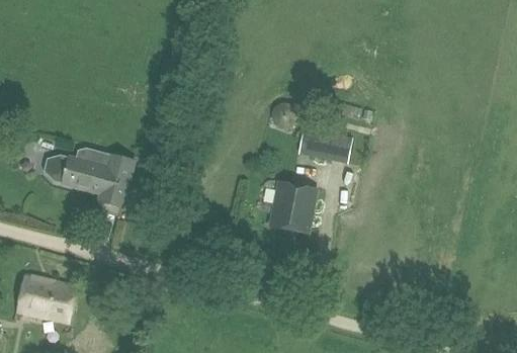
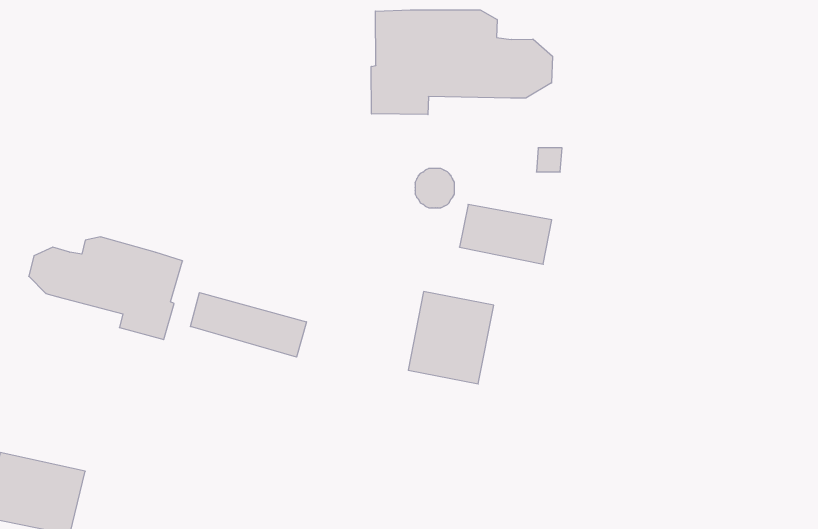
building: none -> [371,10,552,115]
building: none -> [190,293,306,357]

